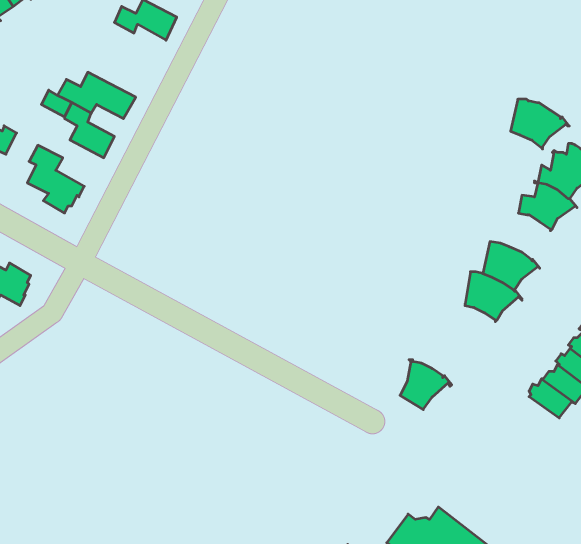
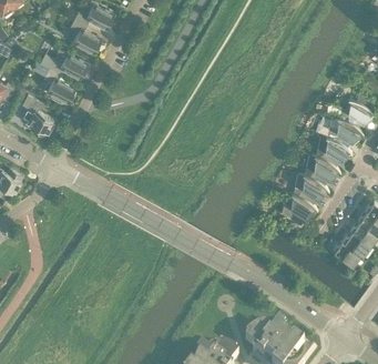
building: none -> [69,18,101,52]
building: [511,99,569,149] -> [315,135,351,166]
building: [400,360,452,410] -> [285,193,317,224]

